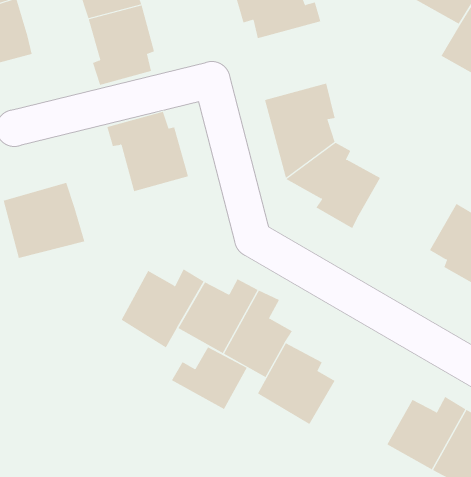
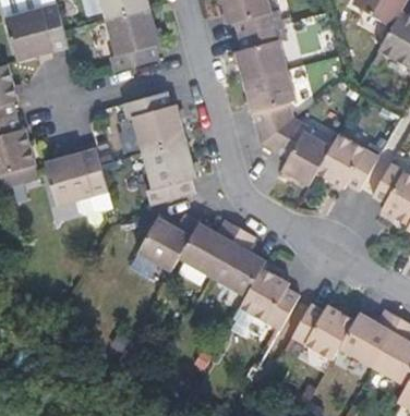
building: none -> [236,23,292,83]
building: none -> [316,133,381,192]
building: none -> [144,142,196,204]
building: [171,347,248,410] -> none
building: none -> [291,305,353,360]

